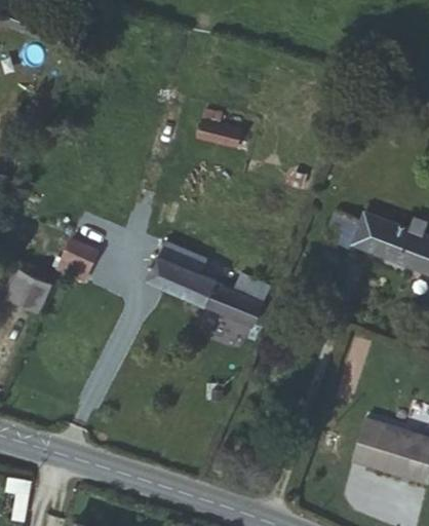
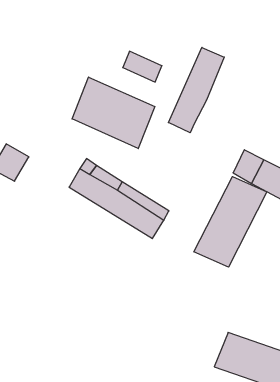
building: none -> [168,47,224,133]
building: none -> [72,77,155,149]
building: none -> [194,177,267,267]

